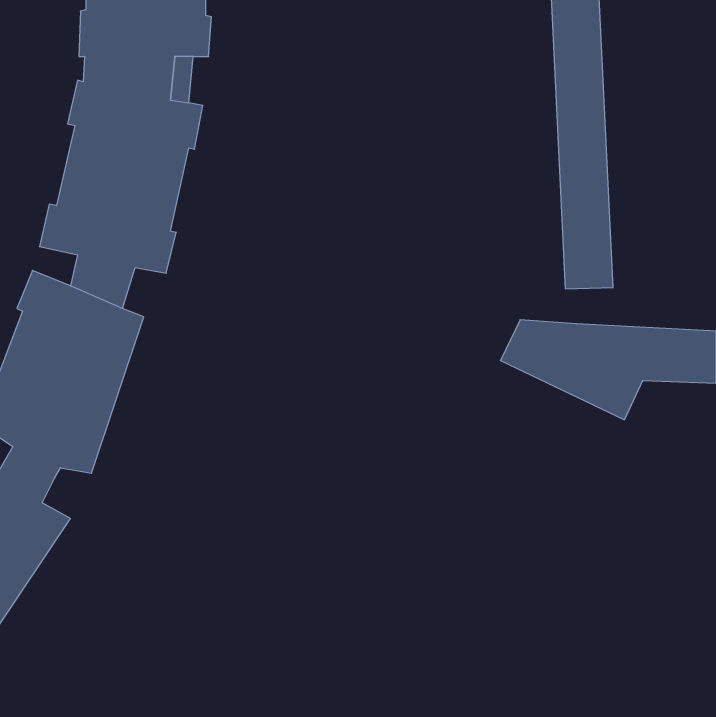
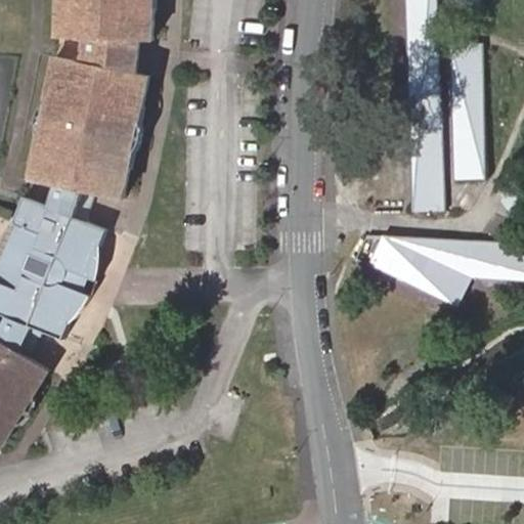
building: none -> [445,43,482,179]

